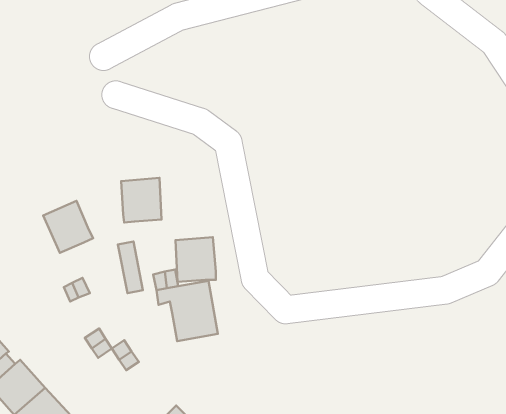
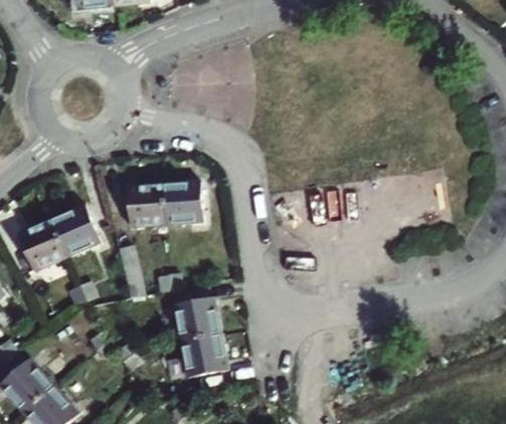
building: none -> [16,220,65,271]
building: [175,237,216,282] -> [162,181,201,224]
building: none -> [179,335,225,378]

